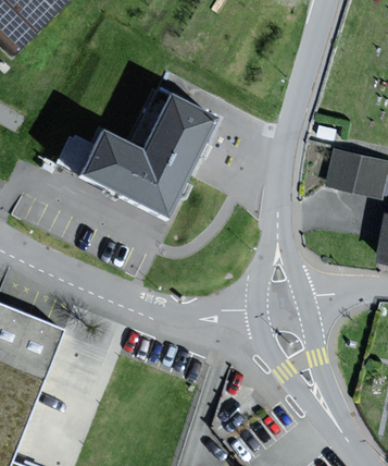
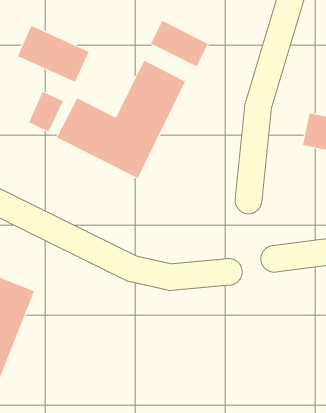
building: none -> [150,20,209,67]
building: none -> [17,25,89,83]

